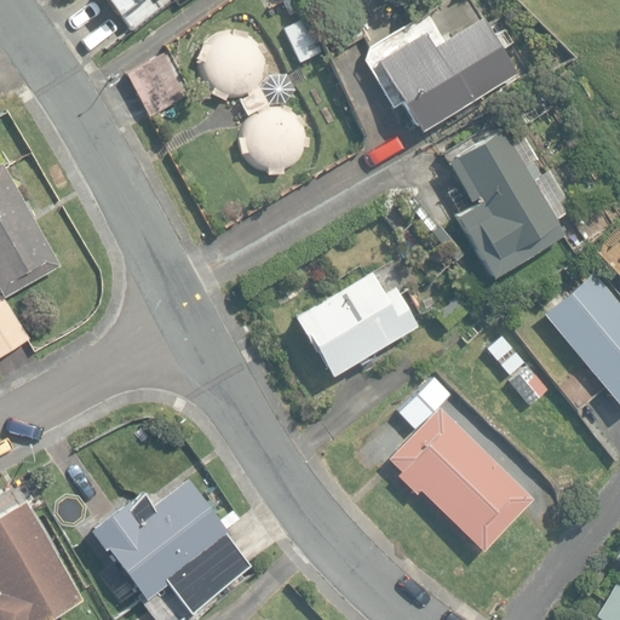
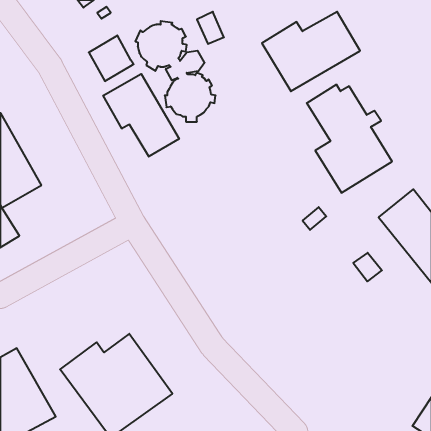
building: none -> [103,74,179,157]
building: [288,262,419,379] -> none
building: [388,407,533,551] -> none

